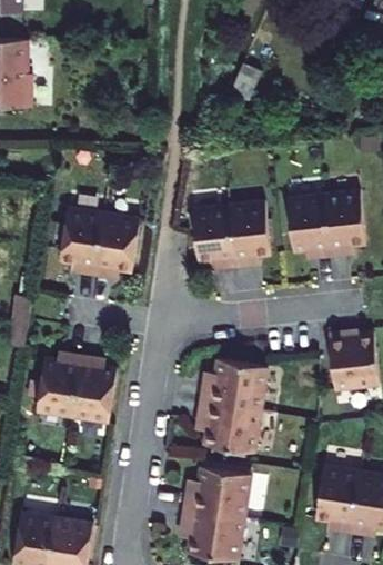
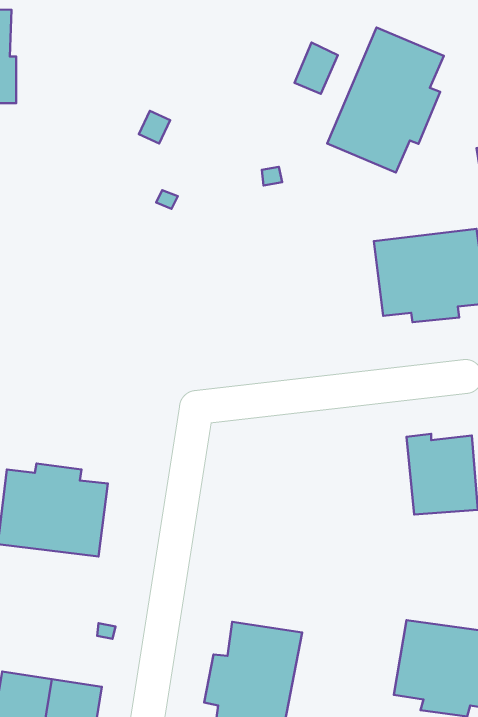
building: none -> [327,28,444,173]
building: [200,201,280,268] -> none
building: [47,210,125,278] -> none
building: [188,363,259,456] -> none

